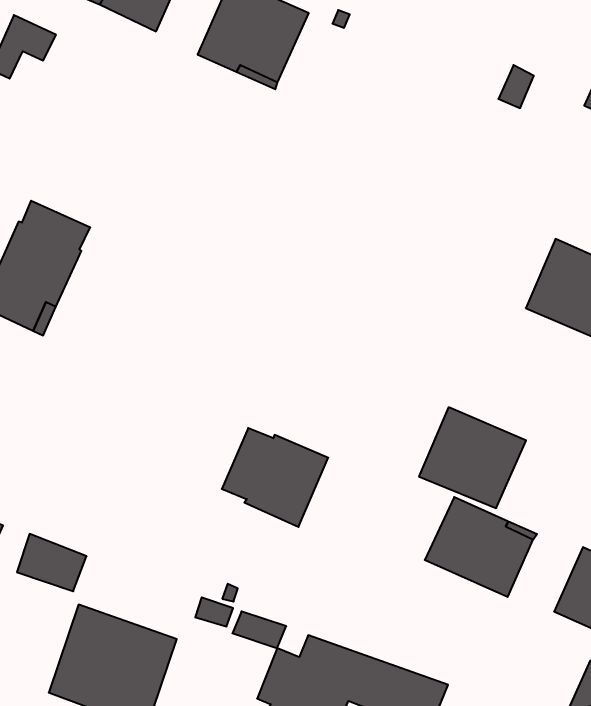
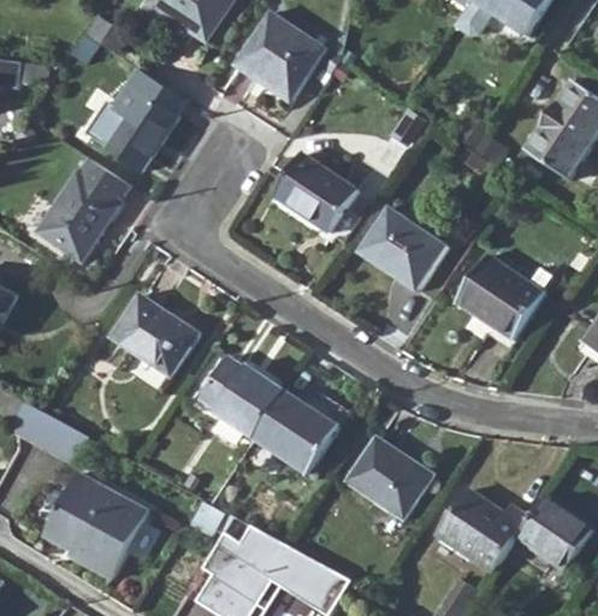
building: none -> [105,67,185,172]
building: none -> [273,153,359,232]
building: none -> [357,205,445,289]
building: none -> [111,295,199,377]
building: [419,407,526,508] -> [253,391,339,474]

